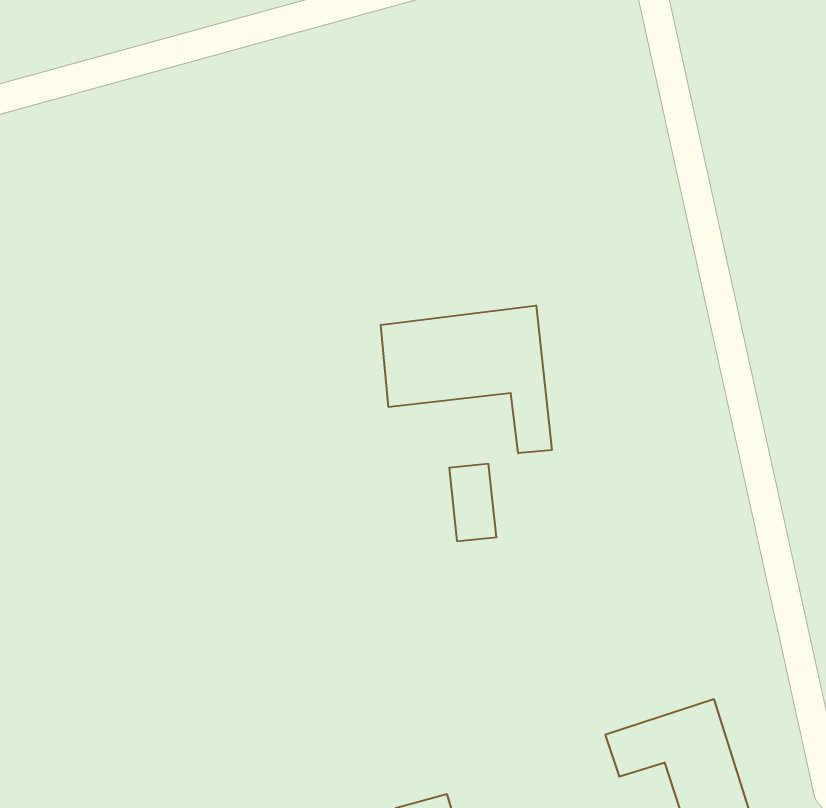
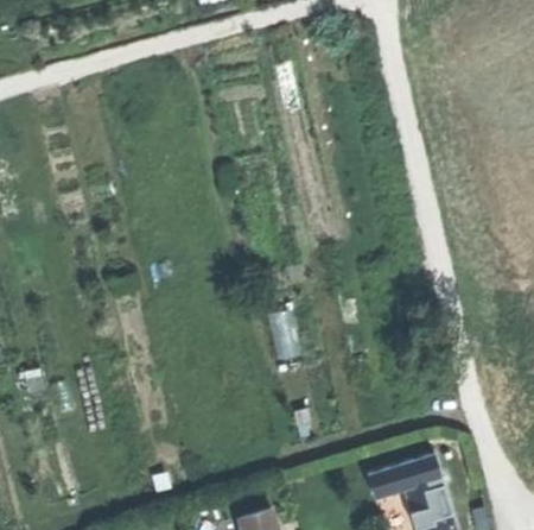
building: [381,305,552,453] -> none

